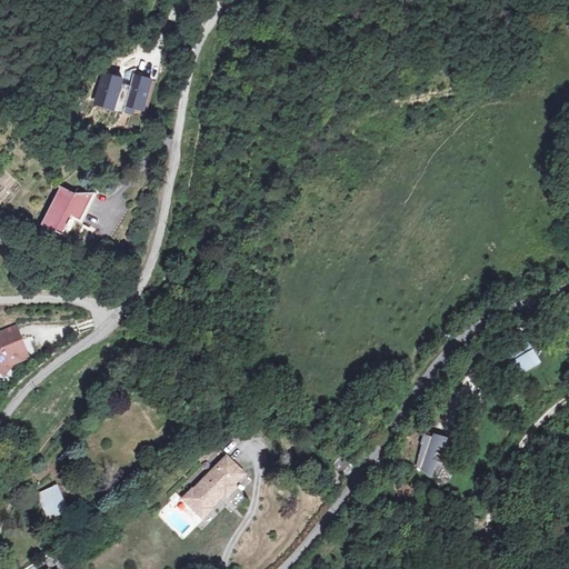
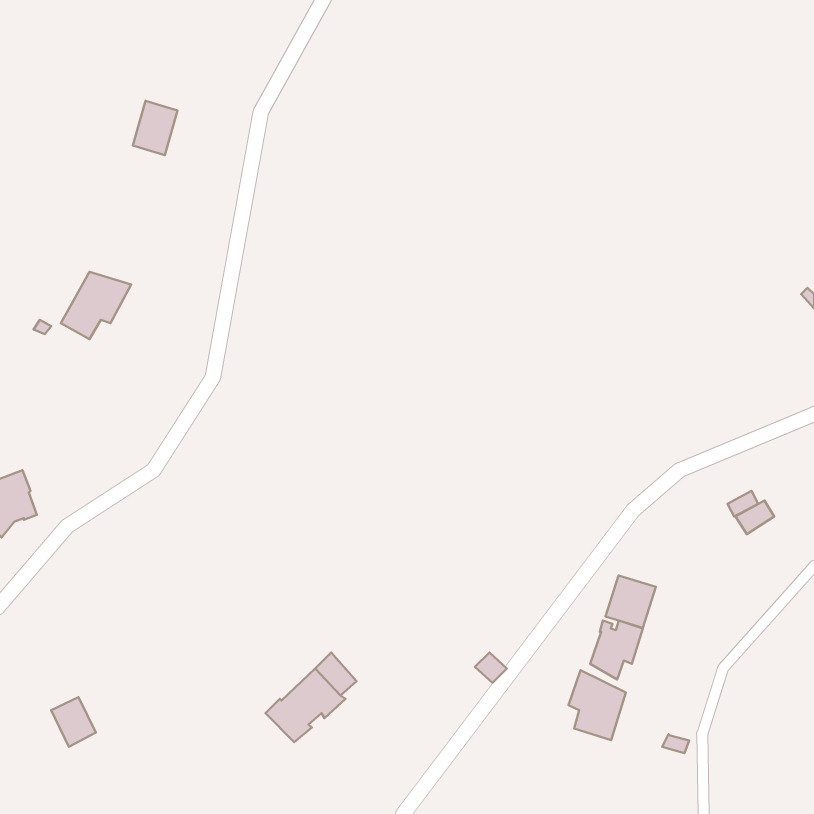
building: [124,72,152,109] -> none
building: none -> [606,575,656,628]
building: none -> [569,670,626,740]

